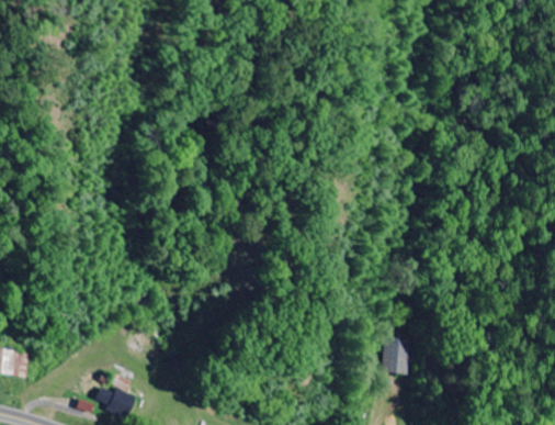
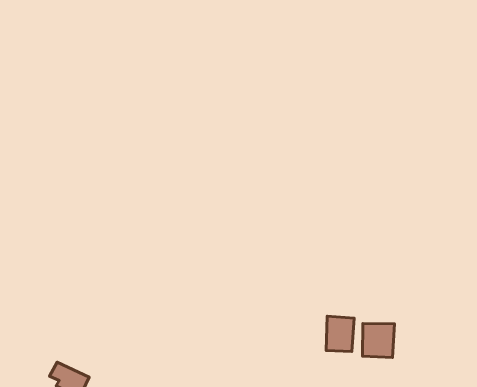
building: none -> [362,324,394,358]

